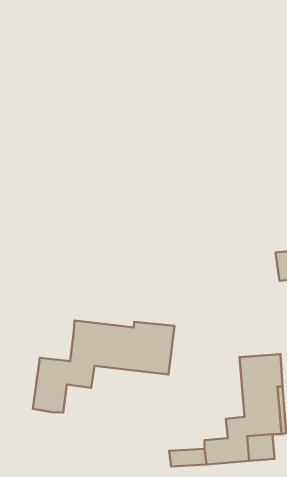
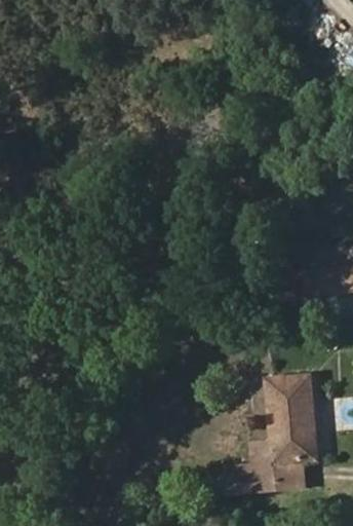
building: [33,321,174,413] -> none

